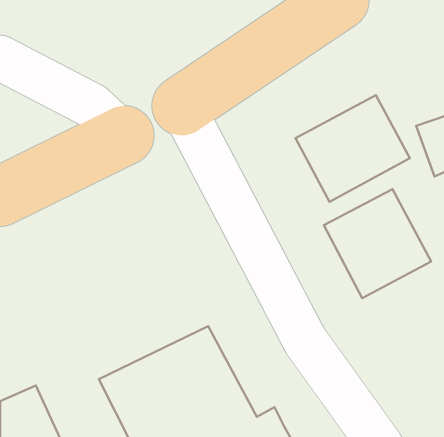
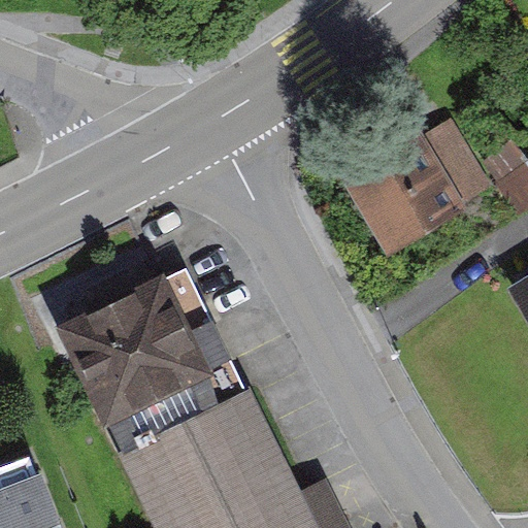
building: [324,189,431,298] -> none
building: none -> [64,274,219,425]

